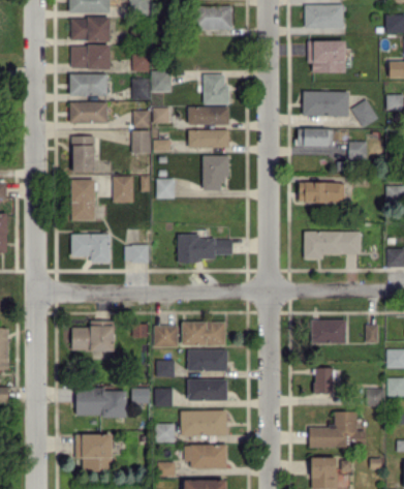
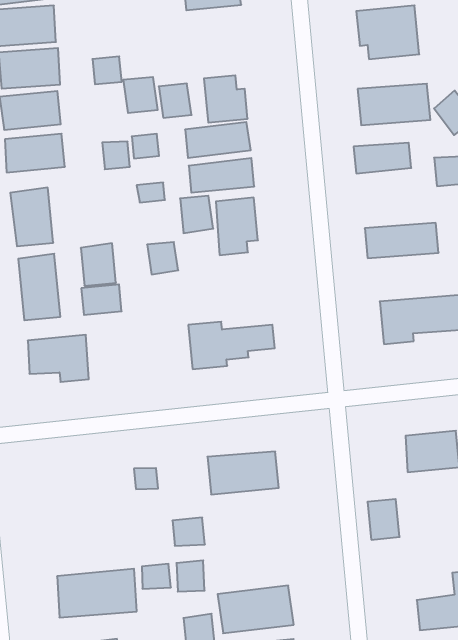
building: [131,79,151,99] -> [159,84,192,118]
building: [131,130,151,153] -> [180,196,213,233]
building: [124,245,149,263] -> [81,284,122,315]
building: [71,320,114,352] -> none
building: [154,326,178,346] -> none
building: [188,349,227,371] -> none
building: [314,368,333,393] -> [367,499,400,540]
building: [187,378,227,401] -> none

